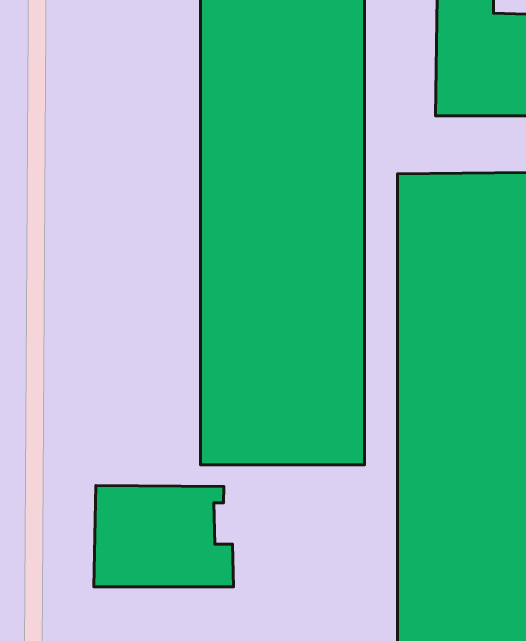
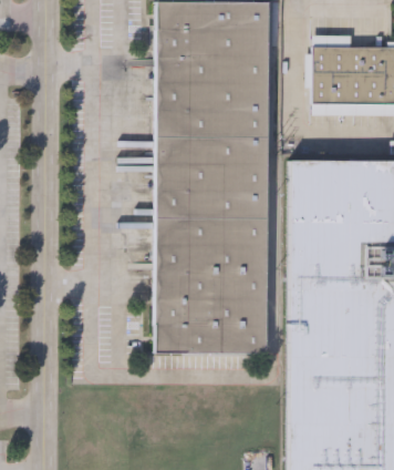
building: [94,485,233,587] -> none

